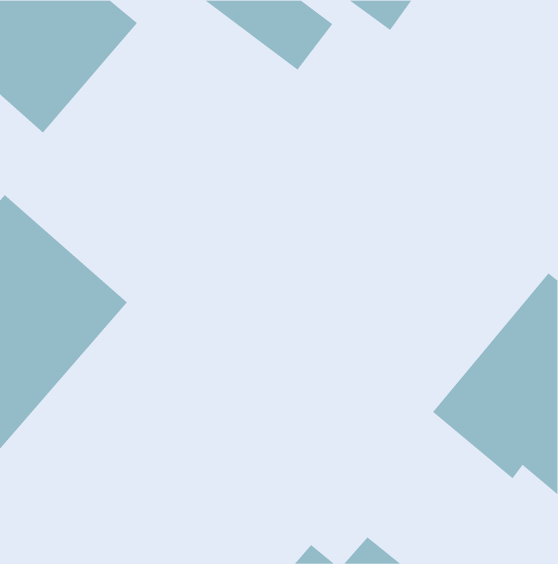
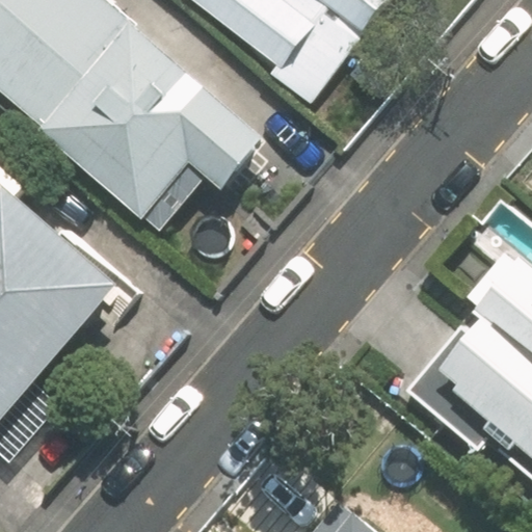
building: none -> [37,22,264,219]

